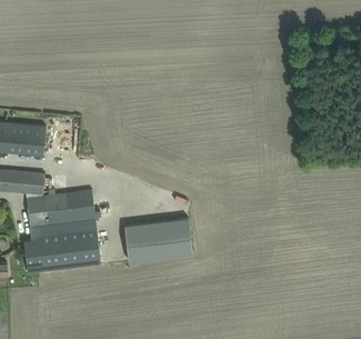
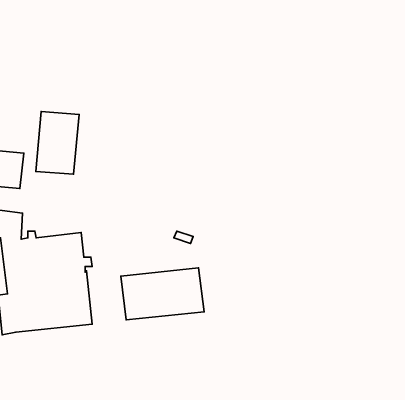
building: none -> [36,112,79,174]

